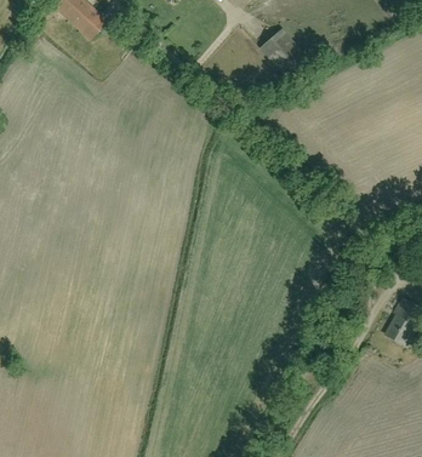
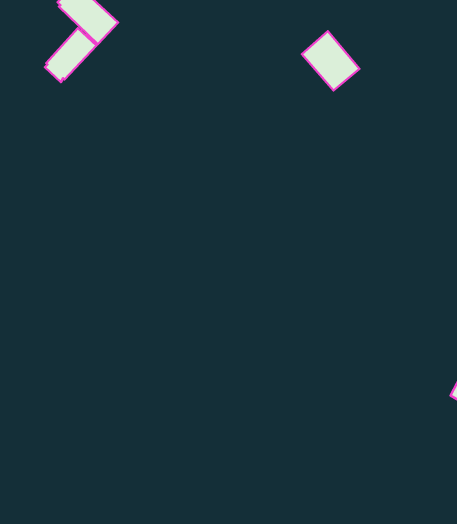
building: none -> [45,28,96,82]

